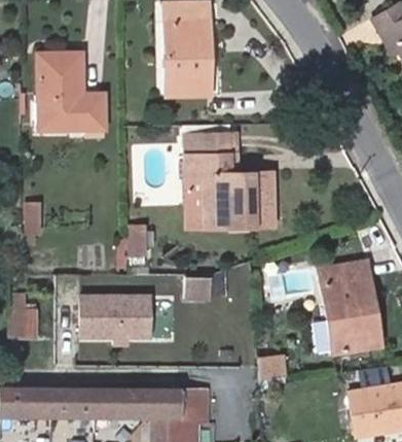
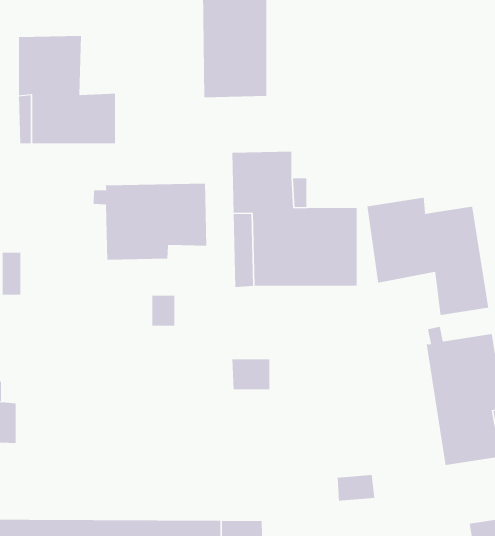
building: none -> [93,183,207,260]
building: none -> [367,197,489,316]
building: [79,293,155,343] -> none

